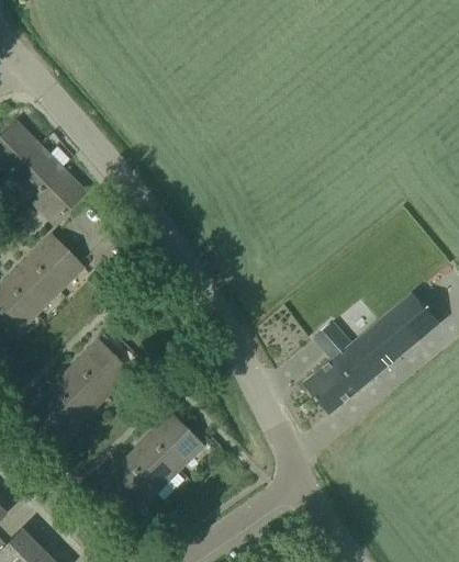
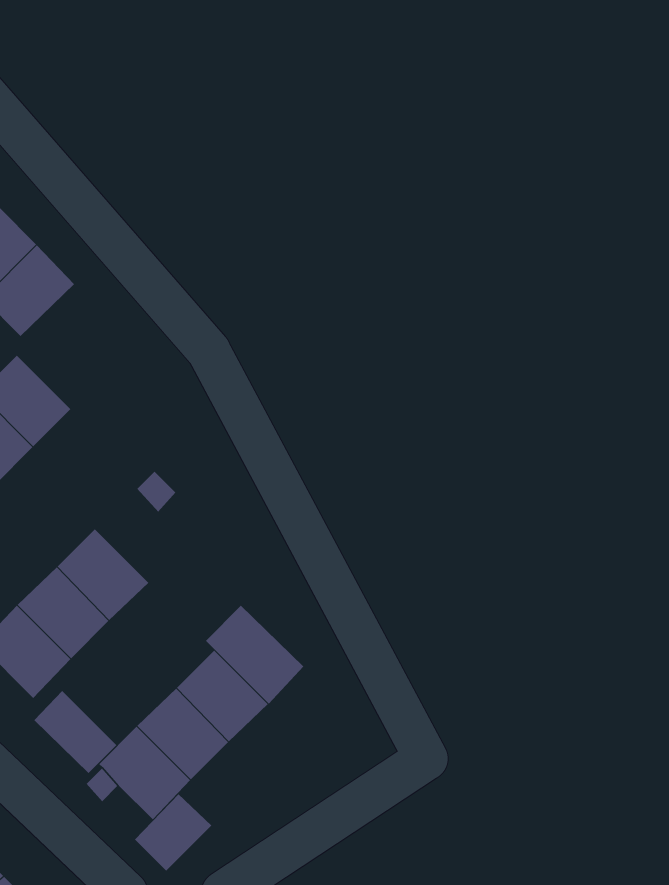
building: [305,292,440,414] -> none
building: none -> [205,605,304,704]
building: none -> [34,690,117,774]
building: none -> [134,793,212,872]

